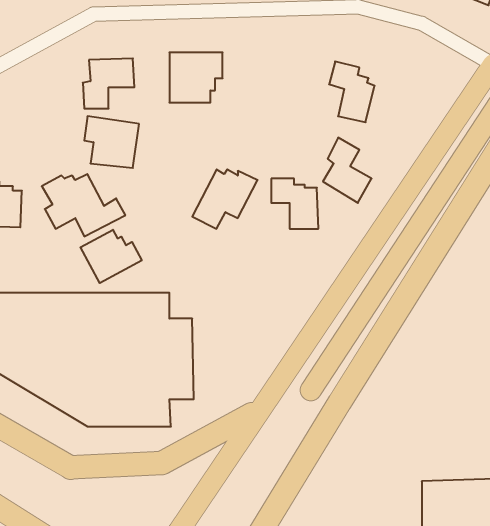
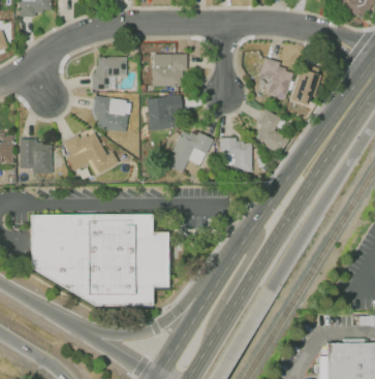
building: none -> [291,69,319,104]
building: none -> [148,96,183,130]
building: [80,230,142,283] -> none

